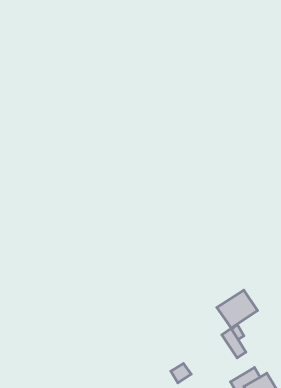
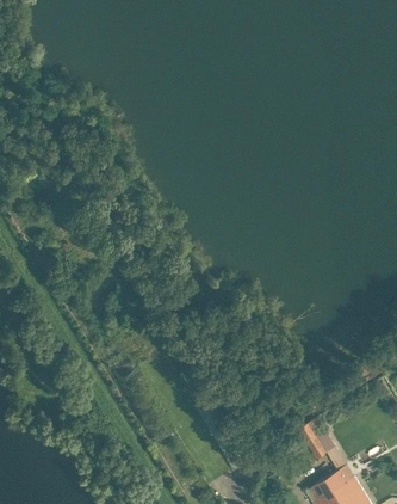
building: [217,290,258,328] -> none

